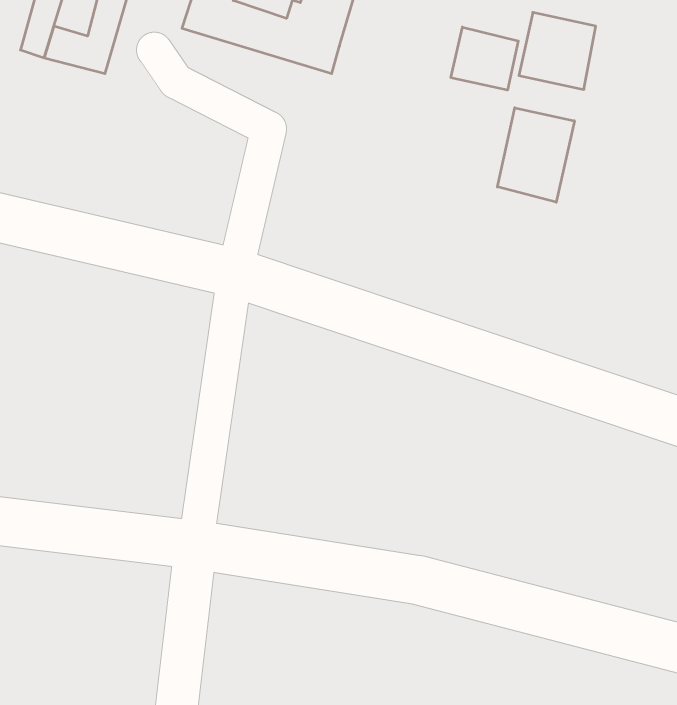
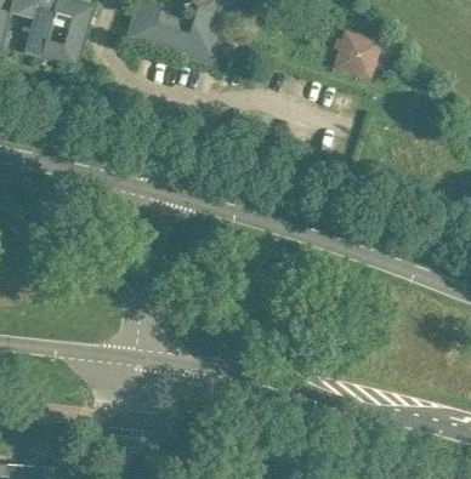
building: [451,27,518,90] -> none
building: [497,108,574,202] -> none

